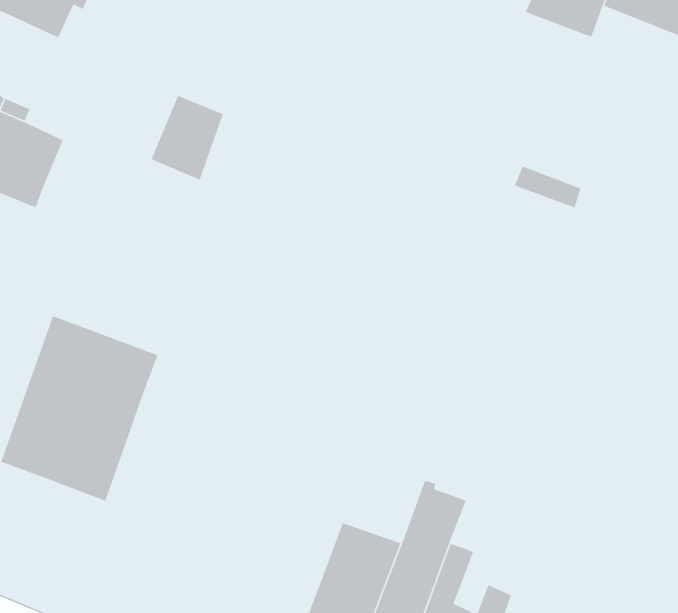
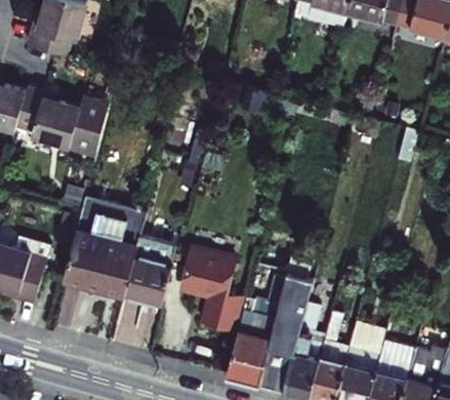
building: [150,95,224,181] -> [66,110,101,154]
building: none -> [119,246,165,315]
building: none -> [179,247,246,331]

